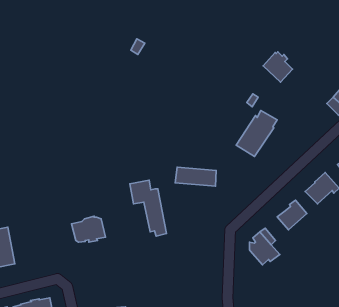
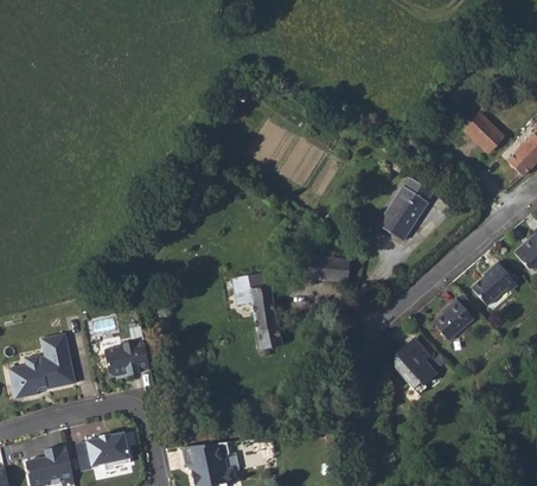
building: [263,52,293,82] -> [465,109,505,151]
building: [71,216,105,242] -> [104,340,151,376]

